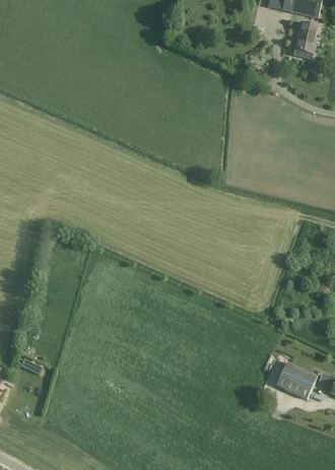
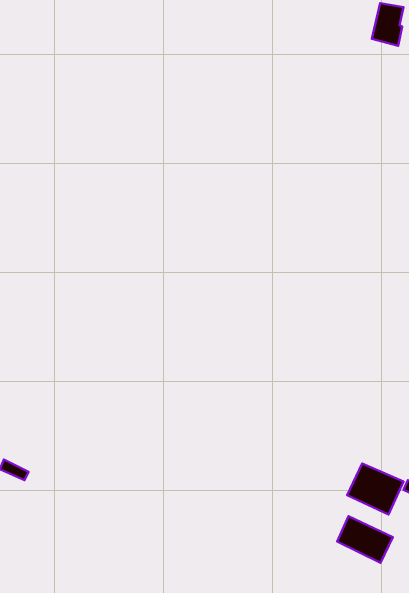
building: none -> [337,516,393,563]

